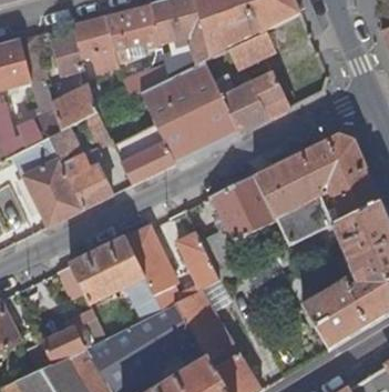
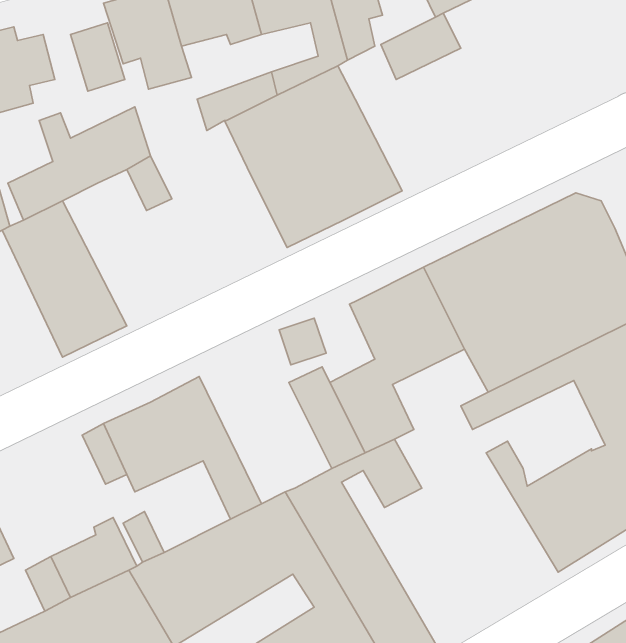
building: [213,71,289,132] -> none
building: [112,124,174,185] -> none
building: [47,128,112,209] -> none
building: [124,227,178,310] -> none

